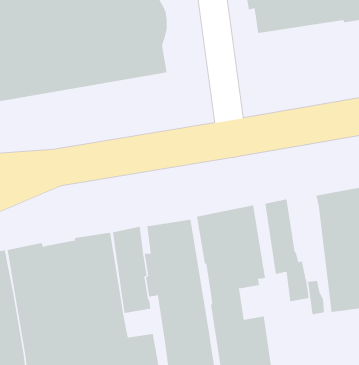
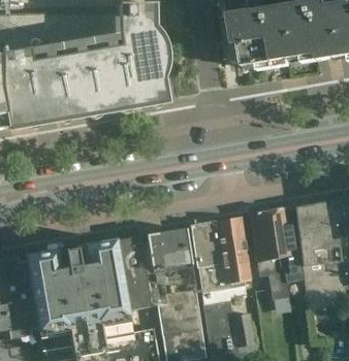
building: none -> [269,207,297,280]

